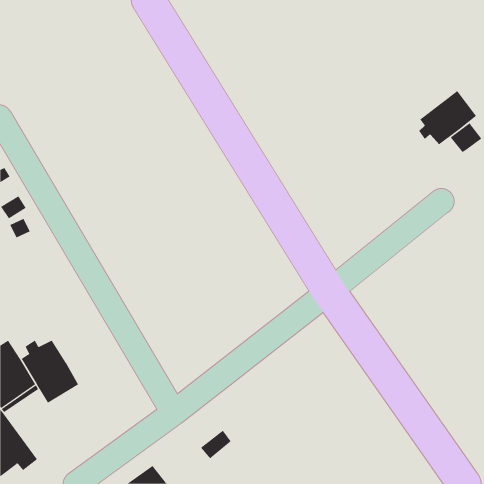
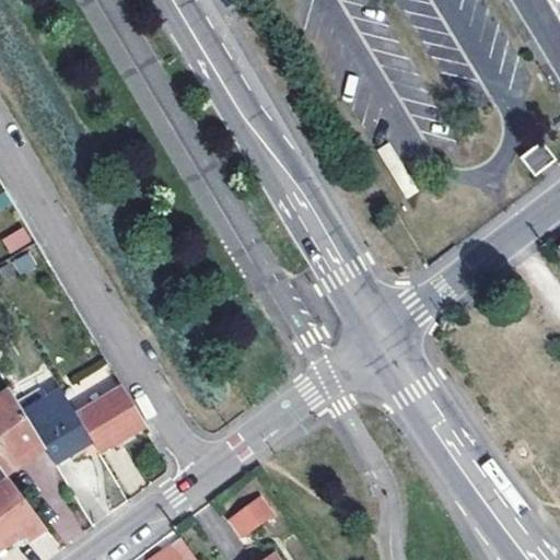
building: [418,90,477,145] -> none
building: none -> [77,389,147,457]

